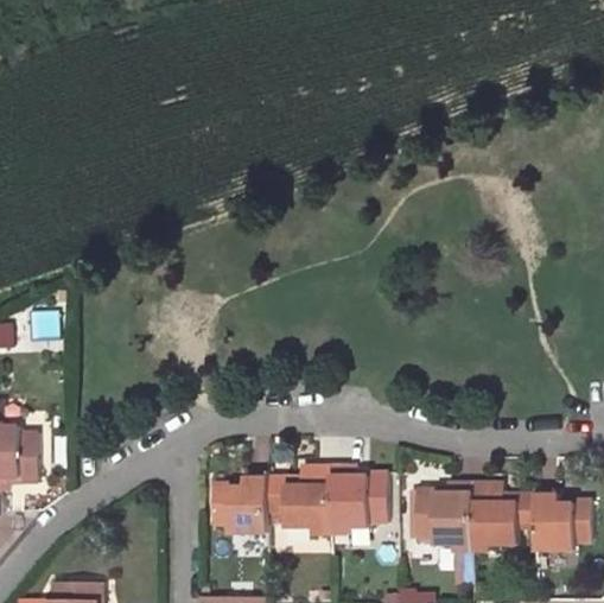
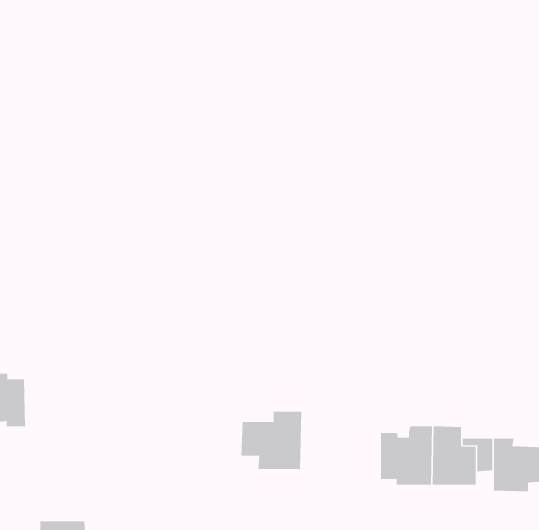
building: [330,465,386,528] -> none
building: [212,477,267,534] -> none

